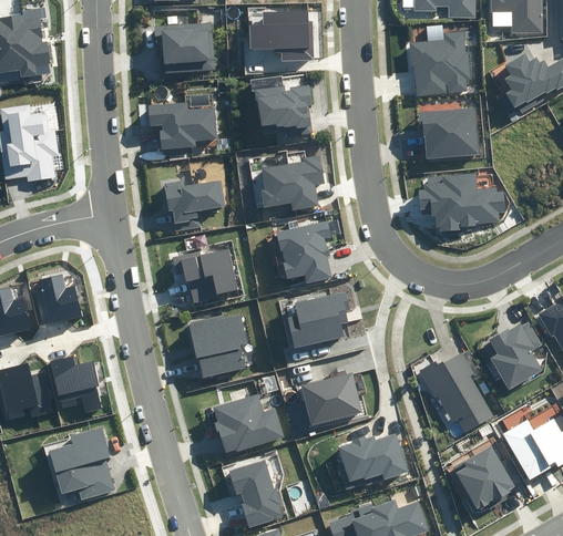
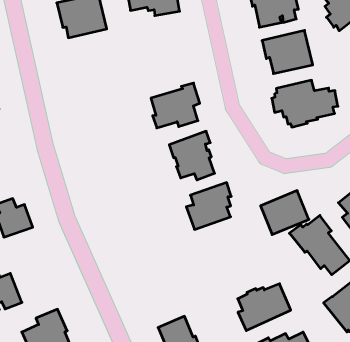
building: [253,84,311,136] -> none
building: [147,102,216,150] -> none
building: [163,179,225,231] -> none
building: [171,248,238,302] -> none
building: [188,315,246,378] -> none
building: [50,357,101,413] -> none
building: [300,372,361,425] -> [261,191,309,235]
building: [213,393,284,452] -> none

